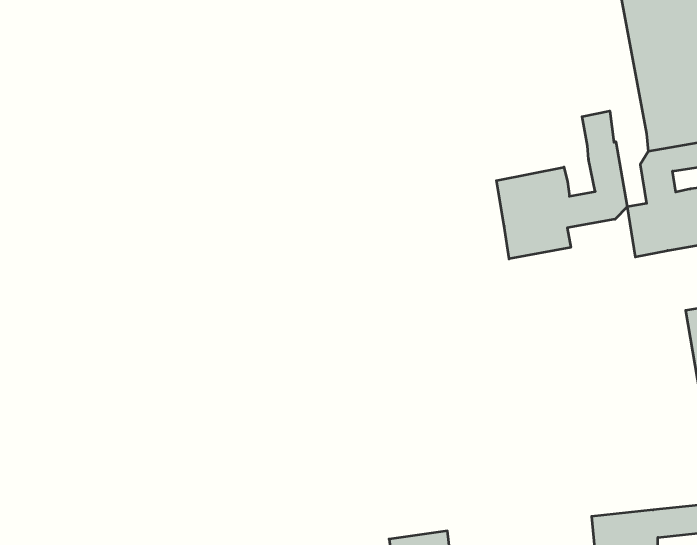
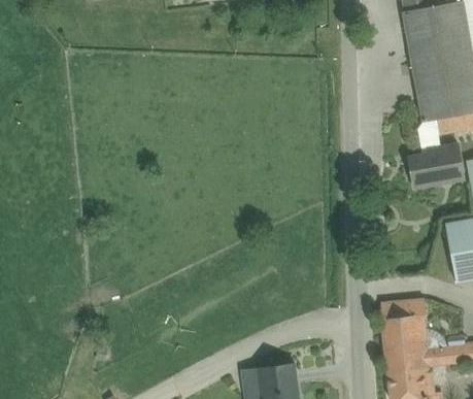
building: [496,111,627,259] -> none
building: none -> [381,299,428,354]

